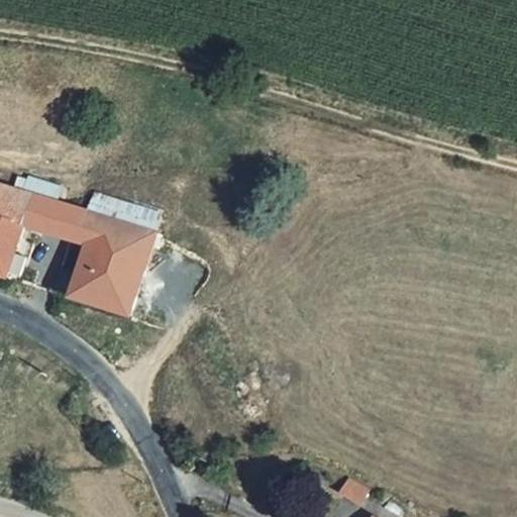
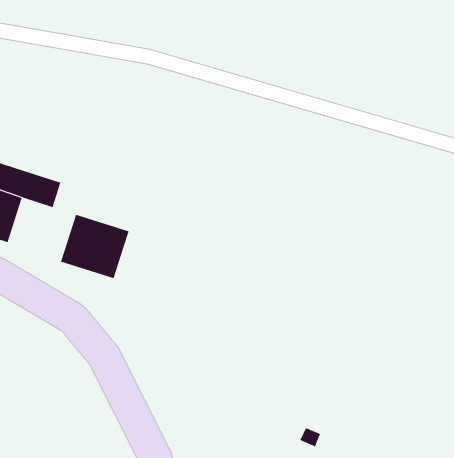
building: [60,205,153,260] -> none

